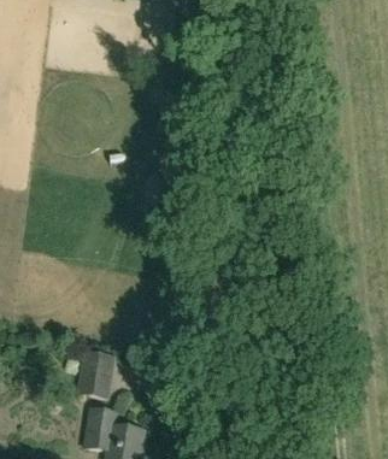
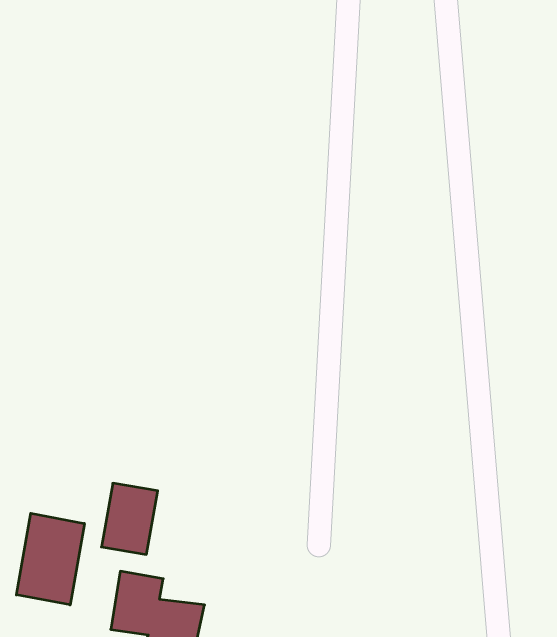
building: none -> [16,513,84,605]

